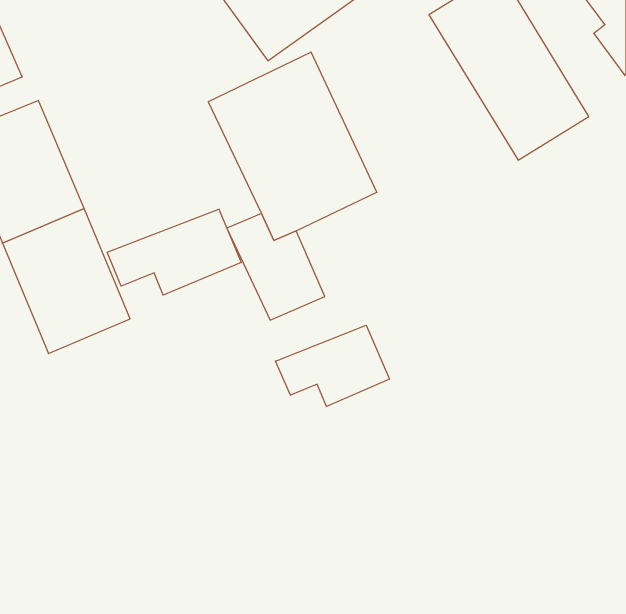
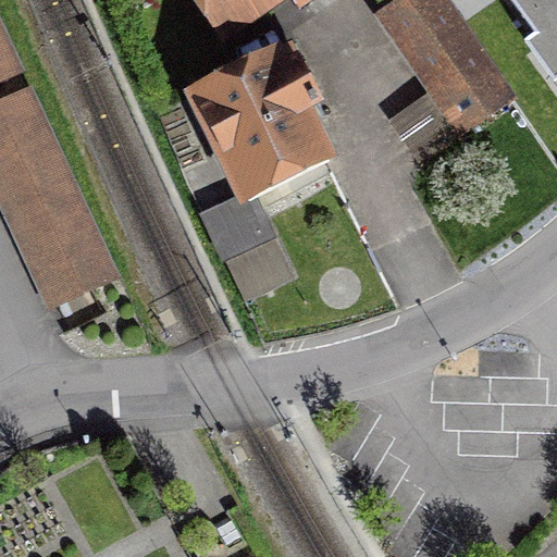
building: [107,209,241,295] -> none
building: [275,325,390,407] -> none

